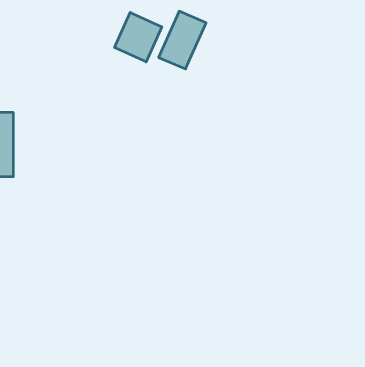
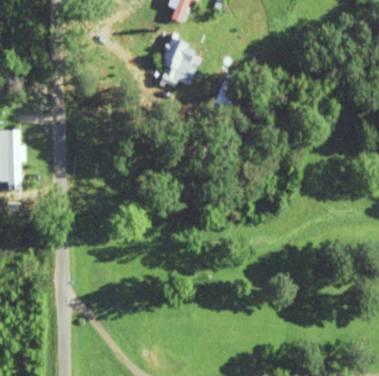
building: [115,12,162,62] -> none

